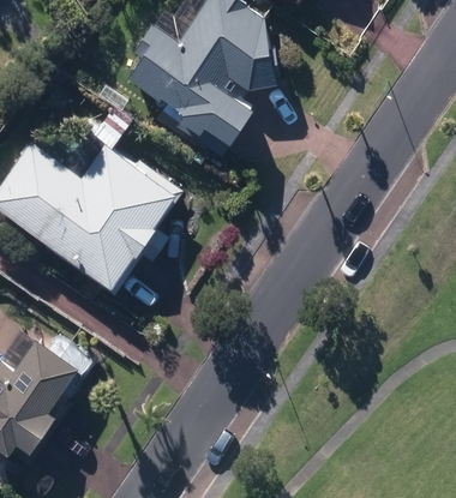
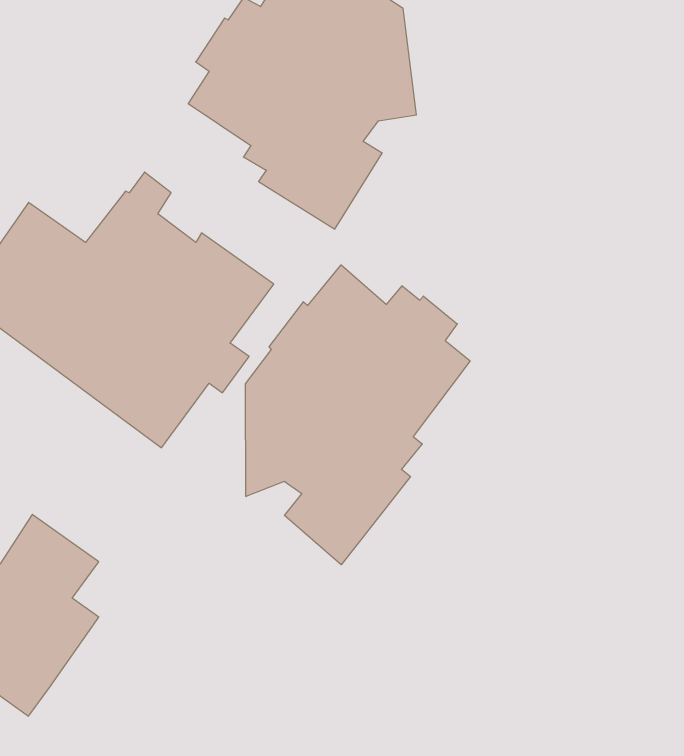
building: none -> [246,265,470,565]

